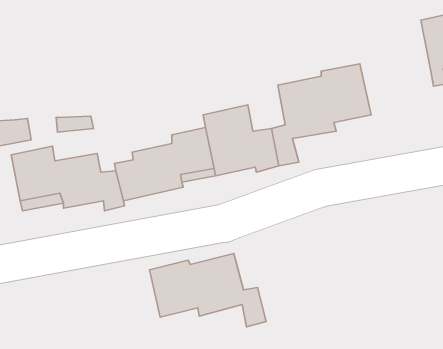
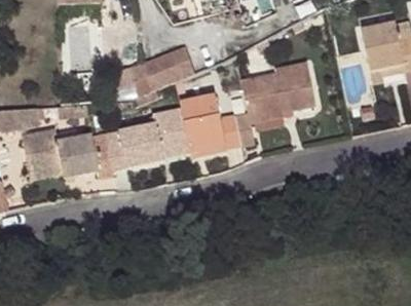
building: none -> [129,44,197,95]
building: [149,254,266,327] -> none

